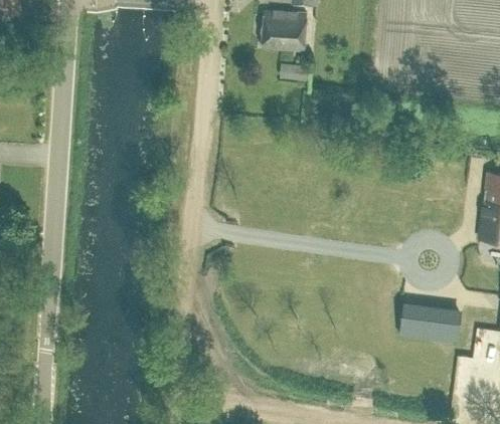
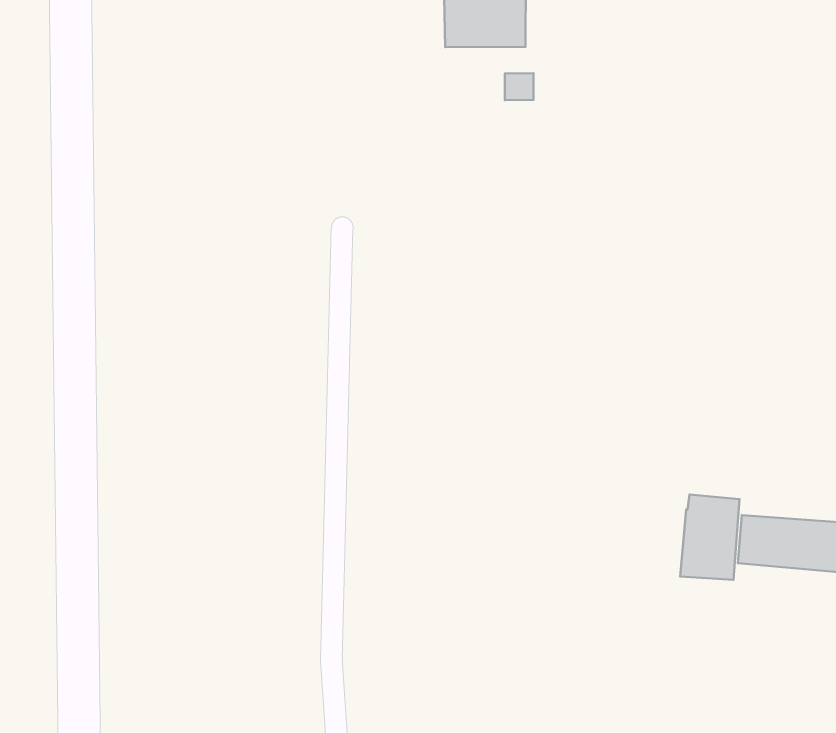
building: none -> [680,494,740,580]

